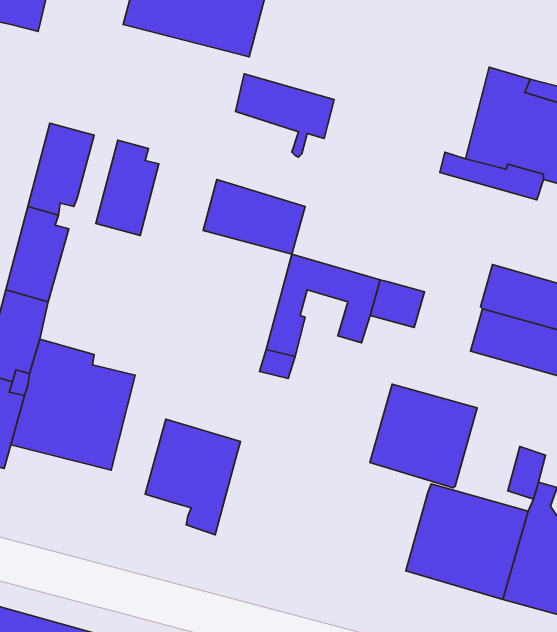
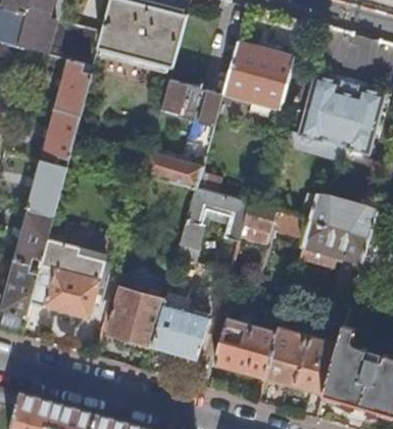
building: none -> [223,42,294,110]
building: [96,140,159,235] -> [52,59,90,116]
building: [370,384,477,488] -> [214,317,279,379]
building: none -> [154,307,209,359]

